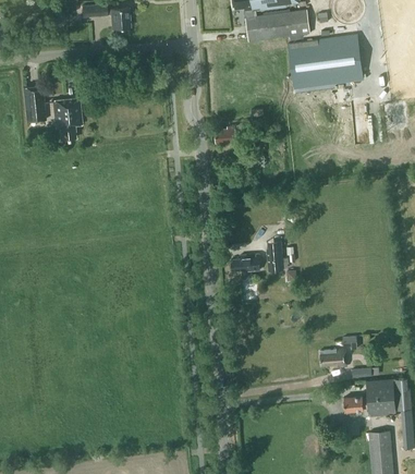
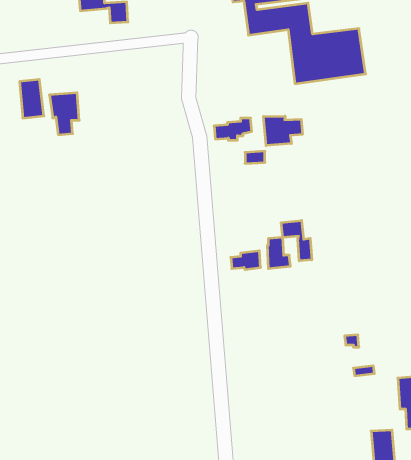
building: none -> [264,116,302,146]
building: none -> [281,220,312,261]
building: [318,350,345,368] -> none
building: [343,379,395,416] -> none

